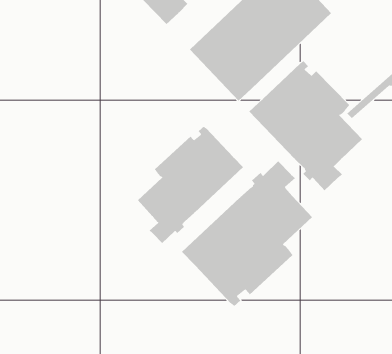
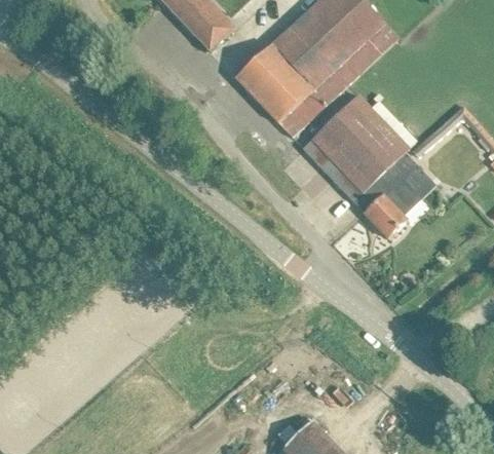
building: [137,126,244,244] -> none
building: [181,161,313,307] -> none

